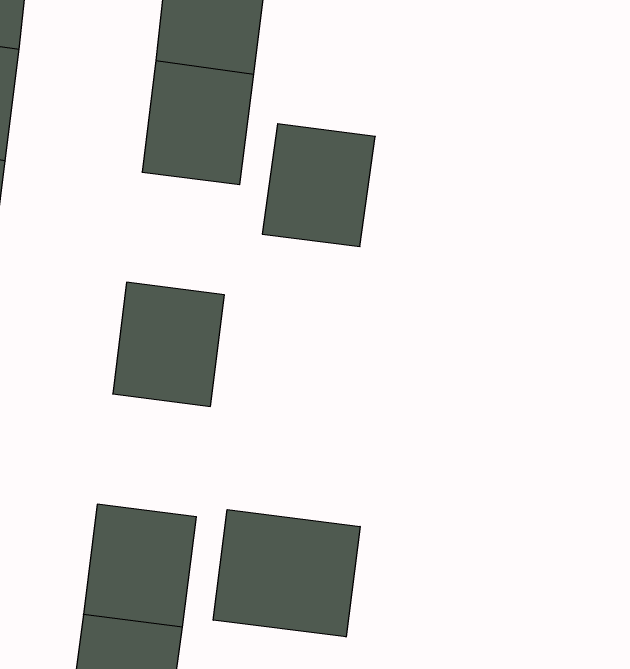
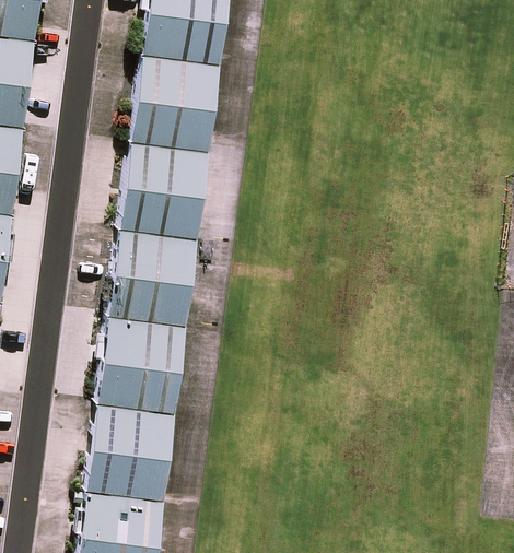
building: [262,124,375,247] -> [118,138,207,234]
building: none -> [95,311,184,408]
building: [213,510,360,637] -> none

